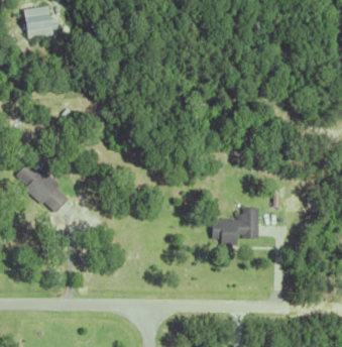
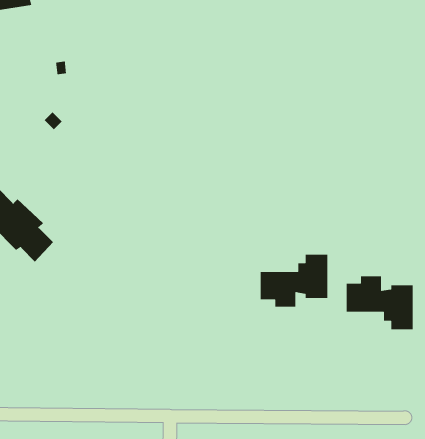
building: none -> [346,275,414,330]

